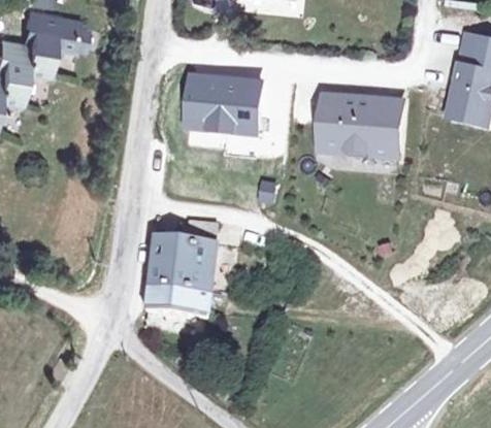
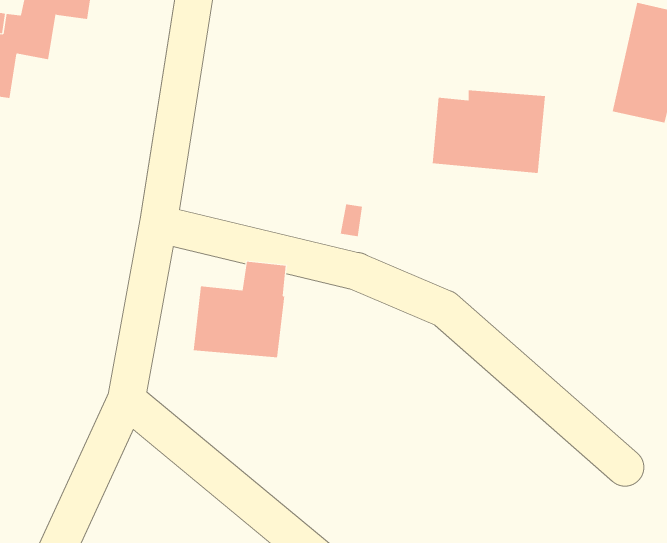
building: [183,73,261,135] -> none
building: [145,285,210,318] -> none

